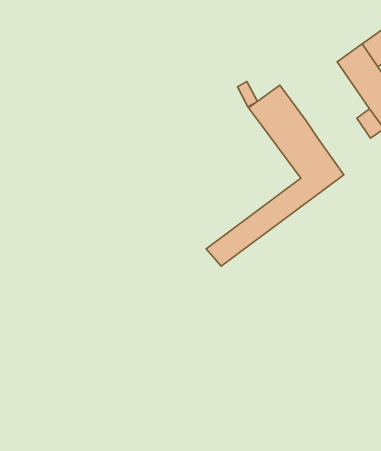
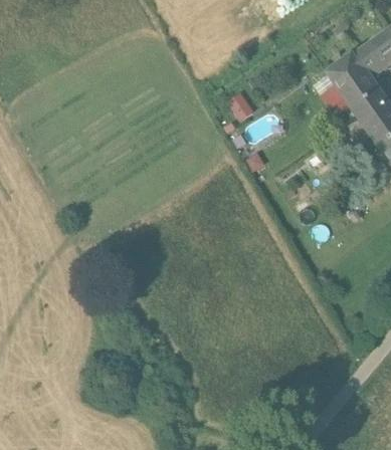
building: [206,85,344,266] -> none

